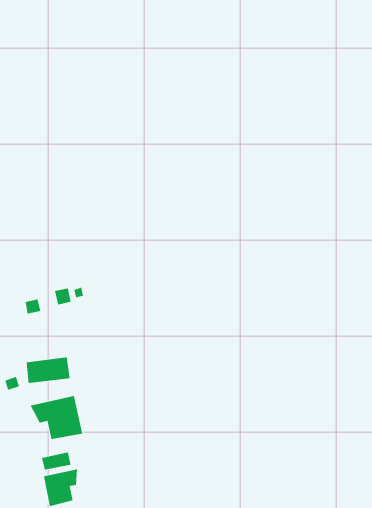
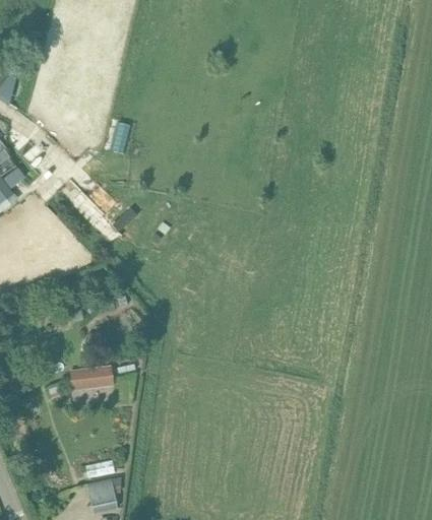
building: [30,395,83,440] -> none

